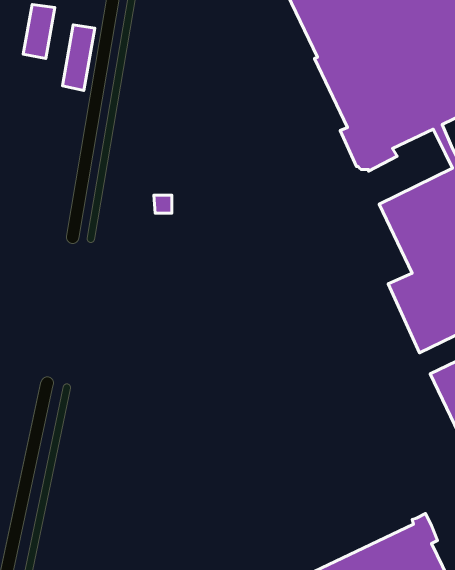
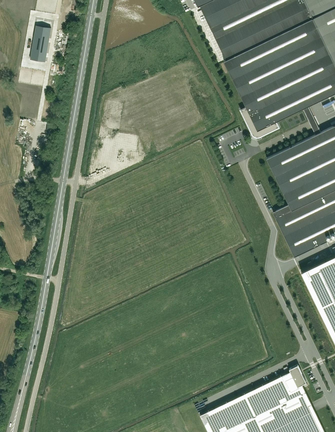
building: [63,25,95,91] -> none

